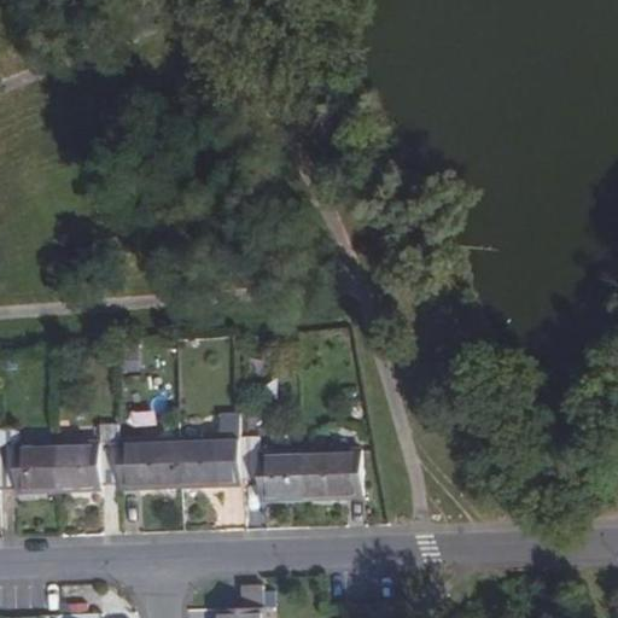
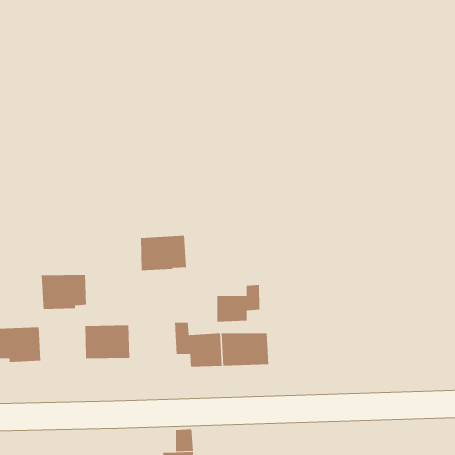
building: none -> [217,284,260,322]
building: [174,438,237,486] -> [140,235,187,271]
building: [53,443,115,490] -> [41,274,87,309]

